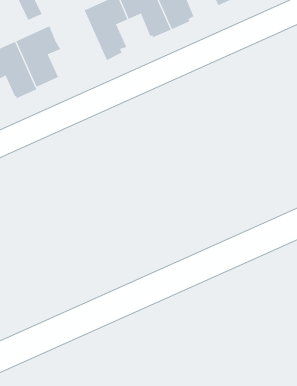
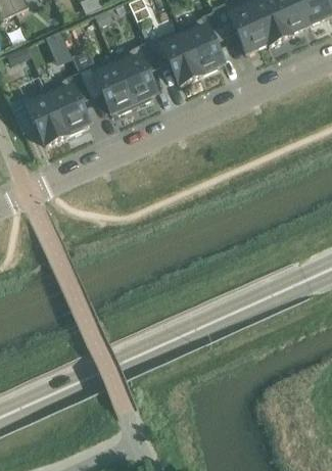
building: none -> [80,56,136,113]

